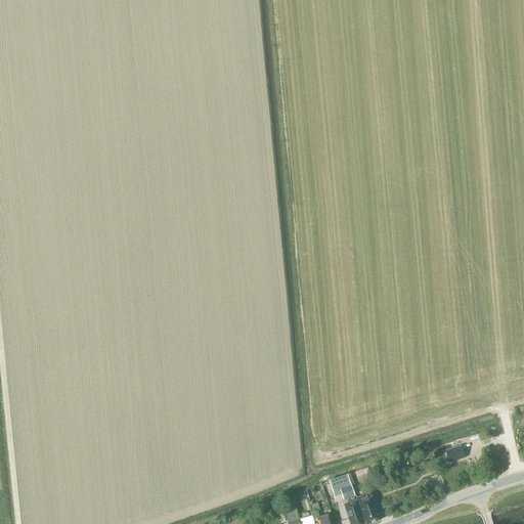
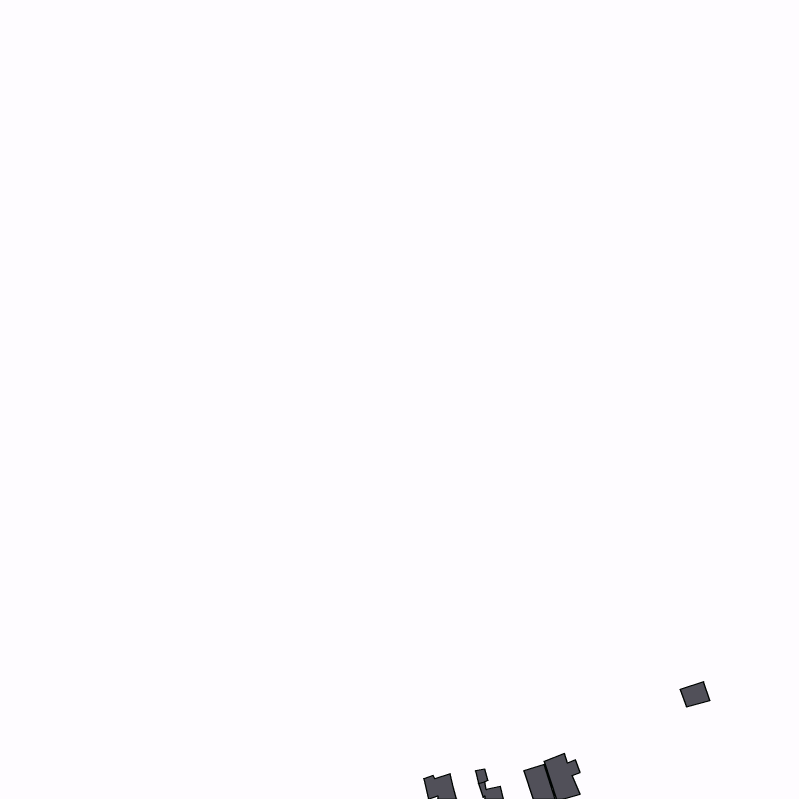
building: [329,475,354,500] -> none

